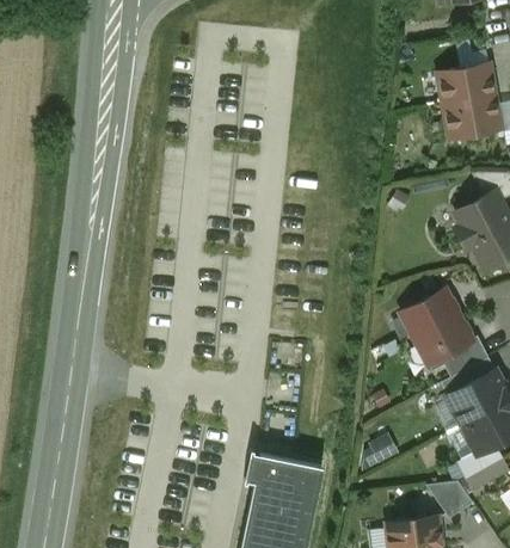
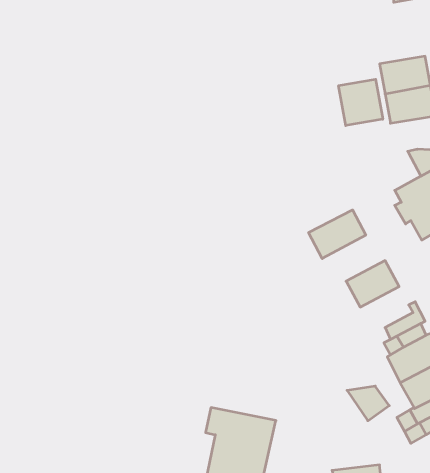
building: none -> [339,79,383,126]
building: none -> [309,210,366,259]
building: [416,319,474,370] -> none
building: [425,480,472,518] -> [347,386,389,421]

